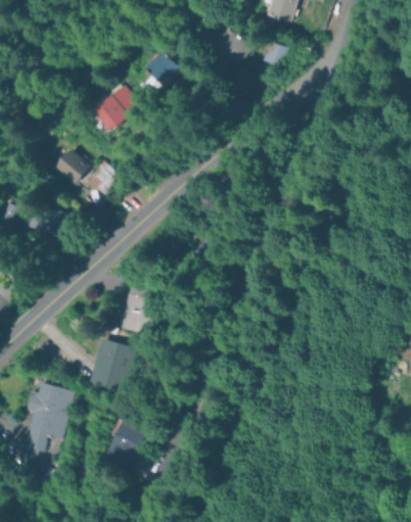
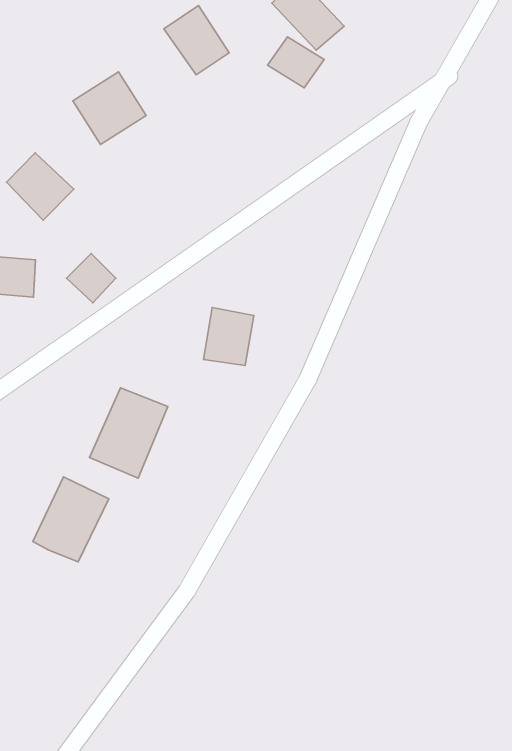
building: [255,38,288,67] -> [268,37,324,88]
building: [91,163,121,193] -> [67,253,116,303]
building: [104,421,144,470] -> none

